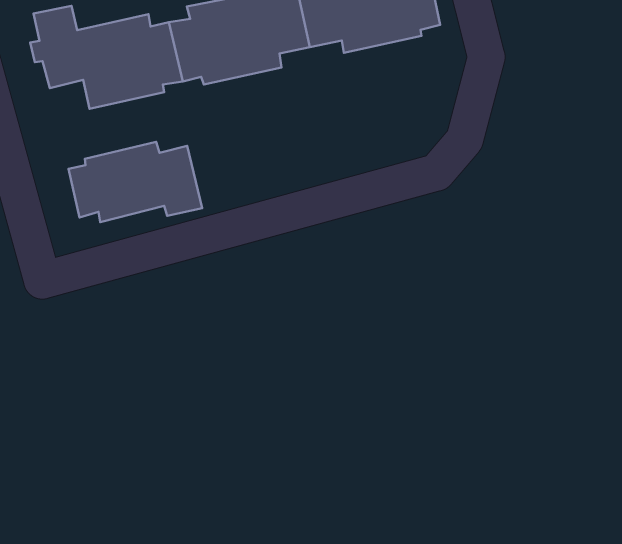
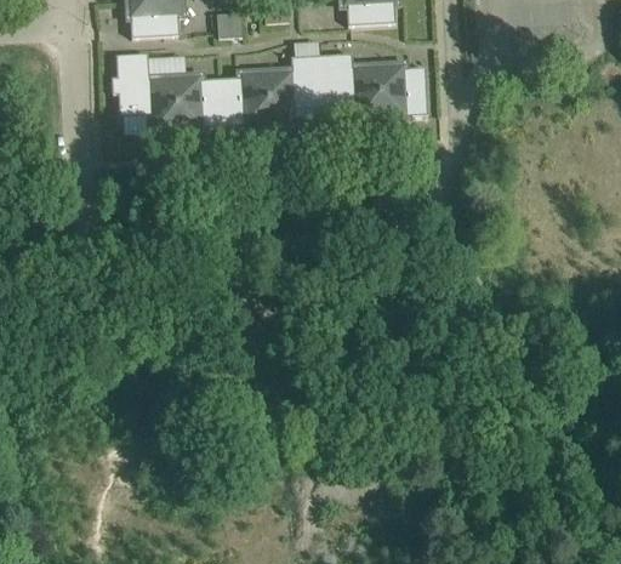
building: [69,142,202,222] -> none

